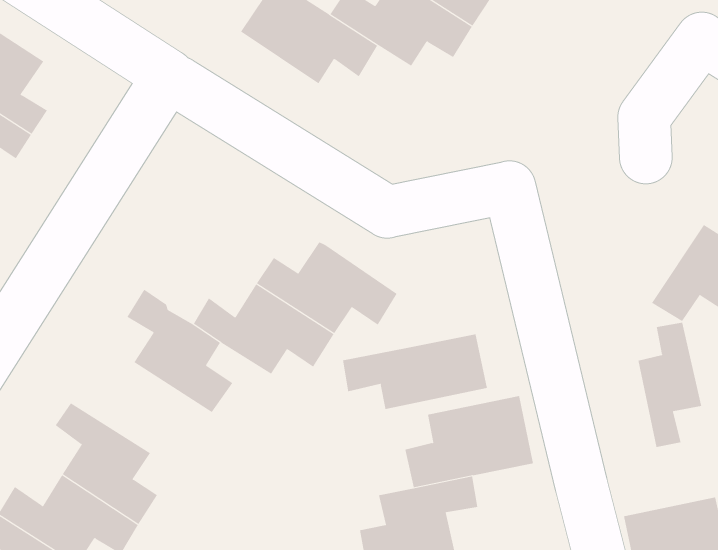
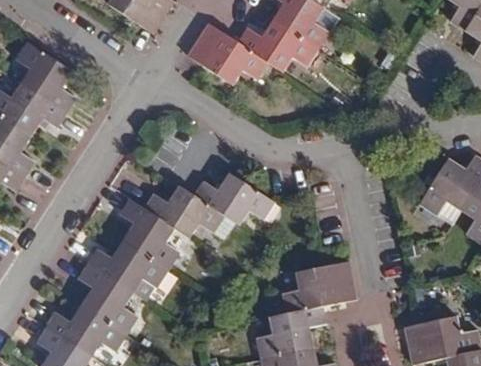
building: [638,322,702,448] -> none
building: [343,334,488,410] -> none
building: none -> [88,240,169,292]

